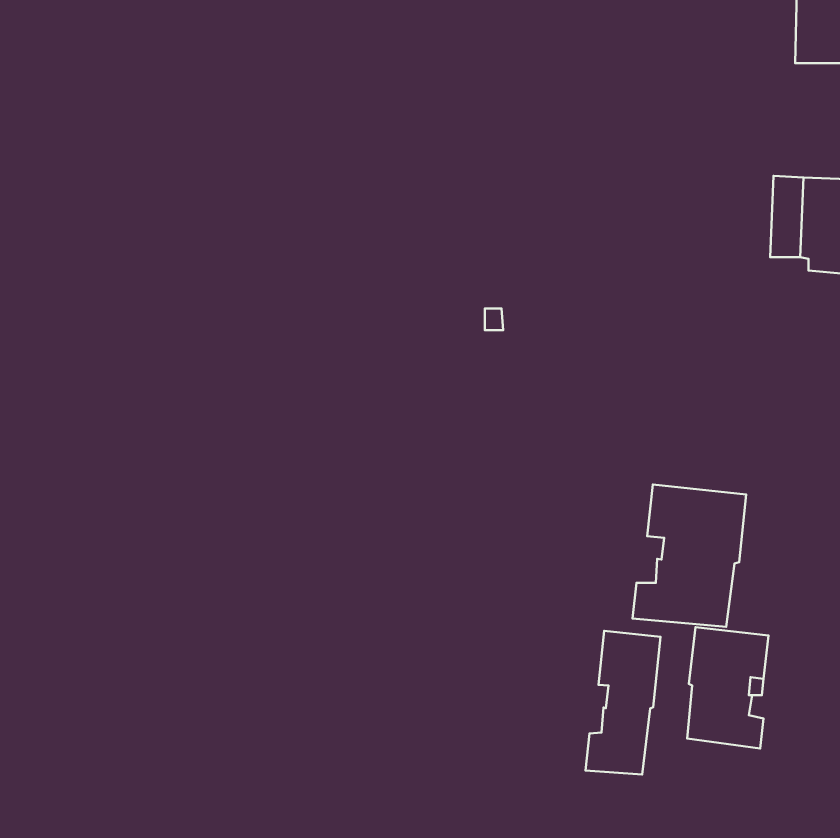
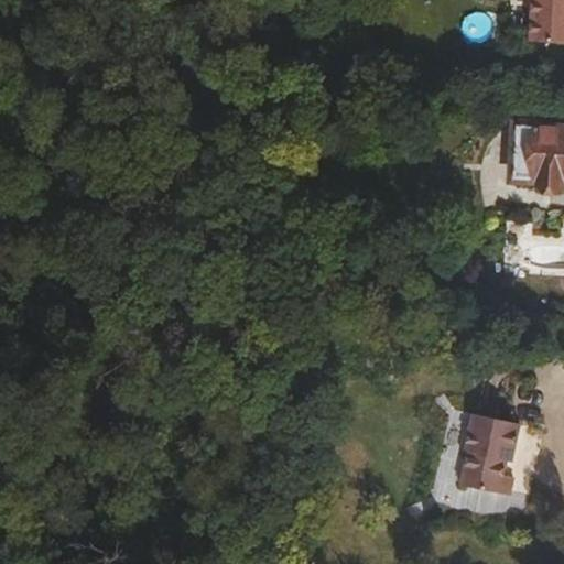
building: [632,484,746,627] -> none
building: [585,631,661,775] -> none

